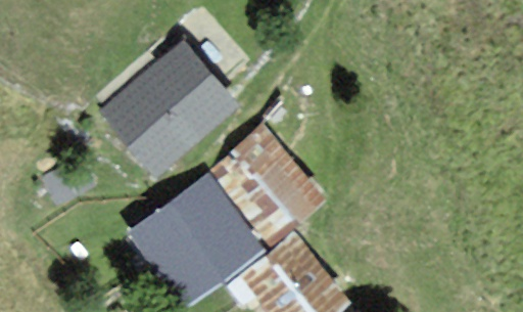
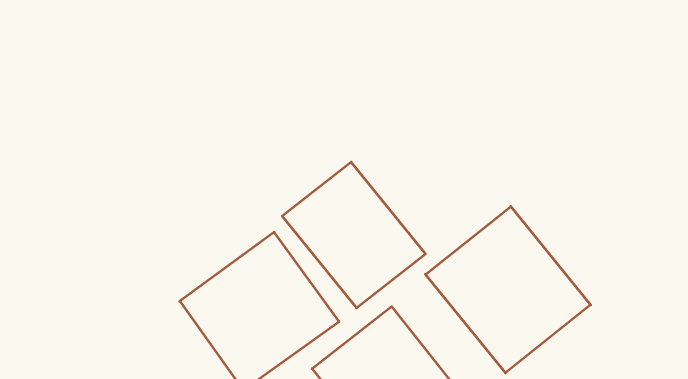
building: [106,45,230,166] -> none
building: none -> [425,206,591,373]

